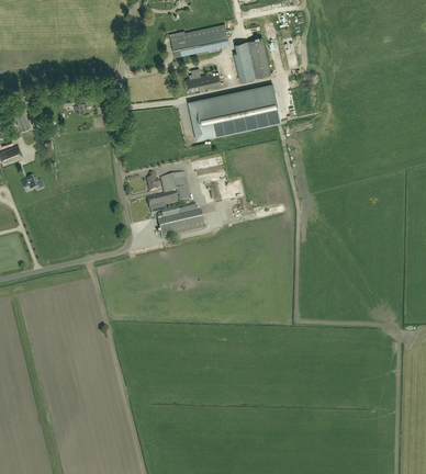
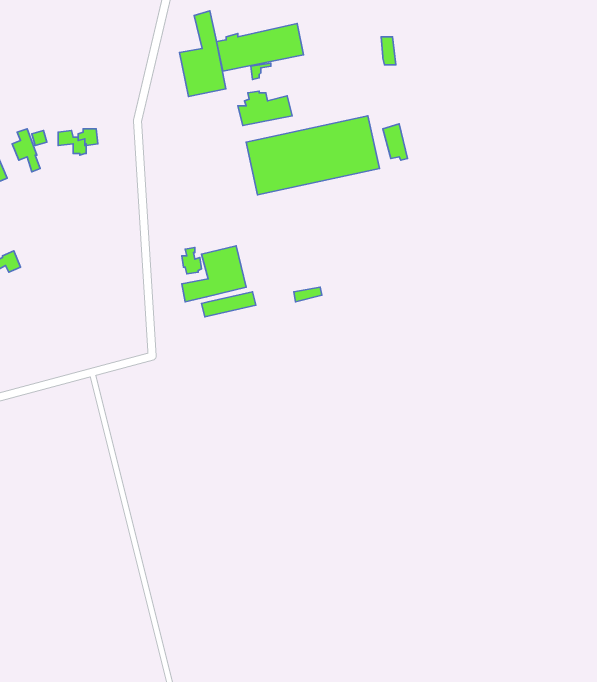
building: none -> [180,11,226,97]
building: [234,37,270,81] -> none
building: [158,211,204,238] -> none

